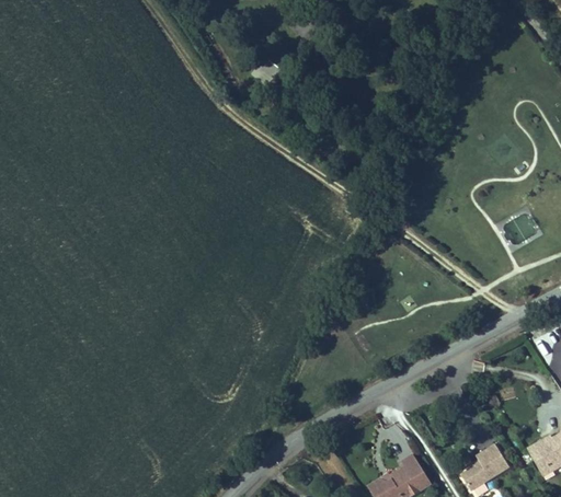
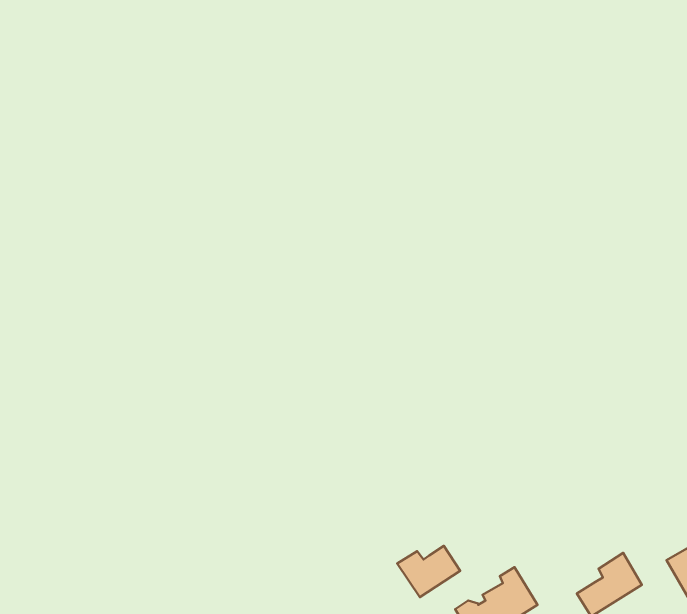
building: none -> [397,546,460,597]

